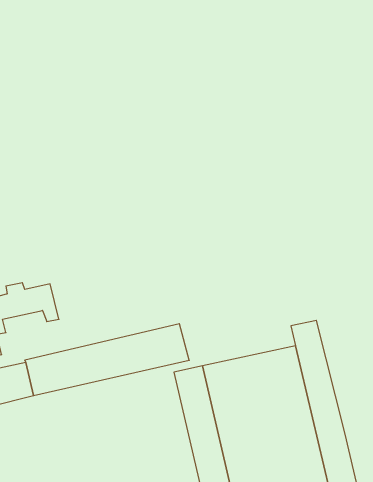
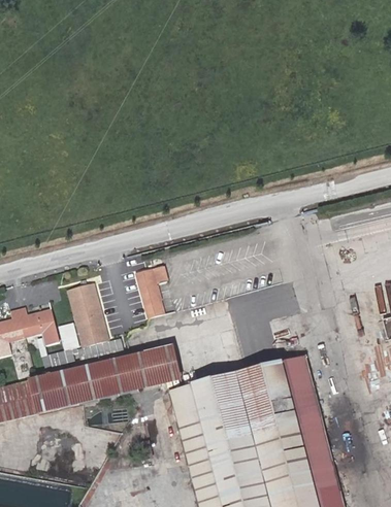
building: none -> [138,273,170,325]
building: none -> [70,281,109,343]

